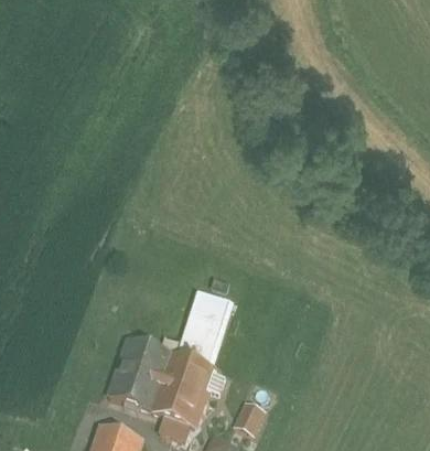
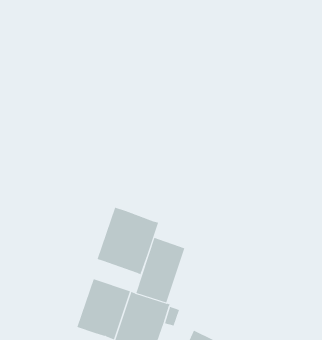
building: none -> [97,207,159,275]

